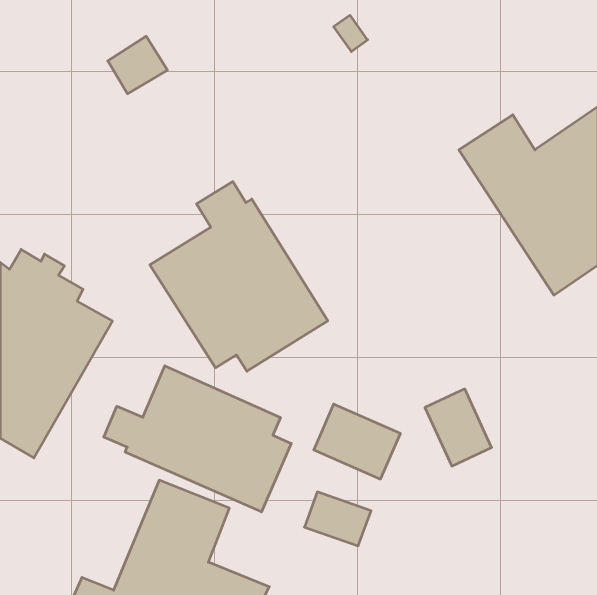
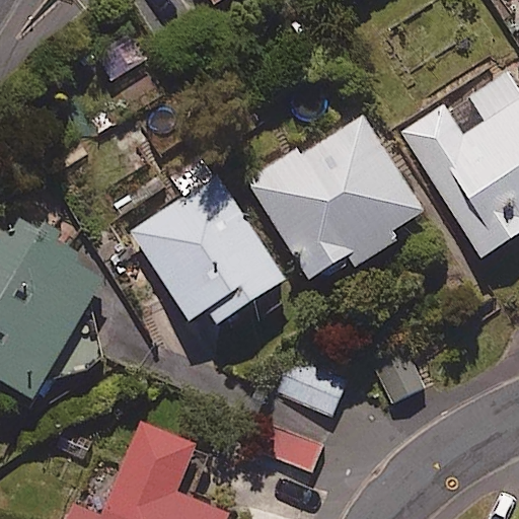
building: none -> [243,116,423,280]
building: [104,366,291,512] -> none

